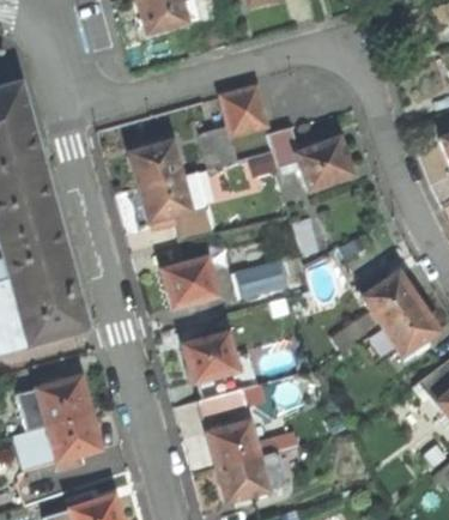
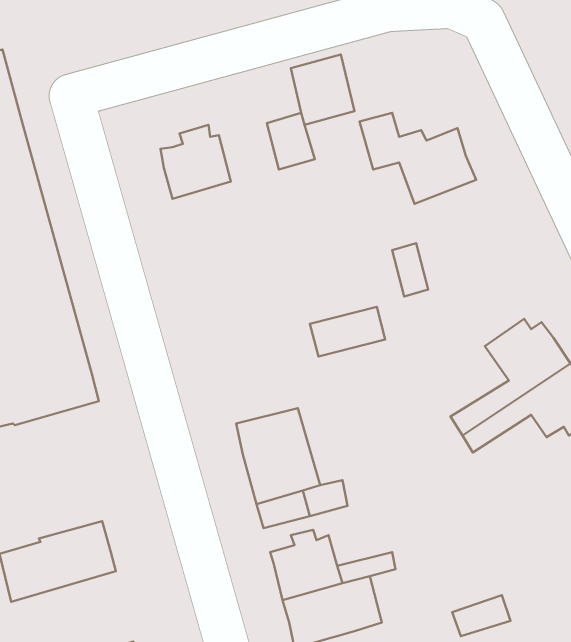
building: [139,175,216,240] -> none
building: [162,258,216,307] -> none
building: [36,376,90,424] -> none

